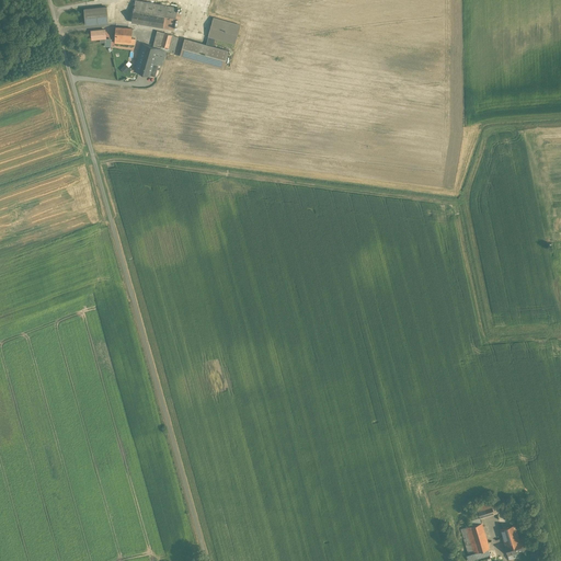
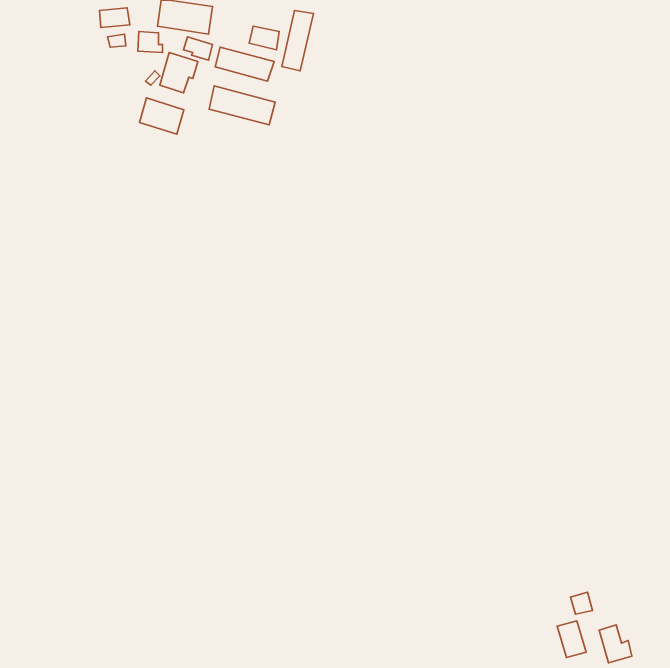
building: none -> [282,11,313,71]
building: none -> [209,86,275,125]
building: none -> [139,98,184,134]

